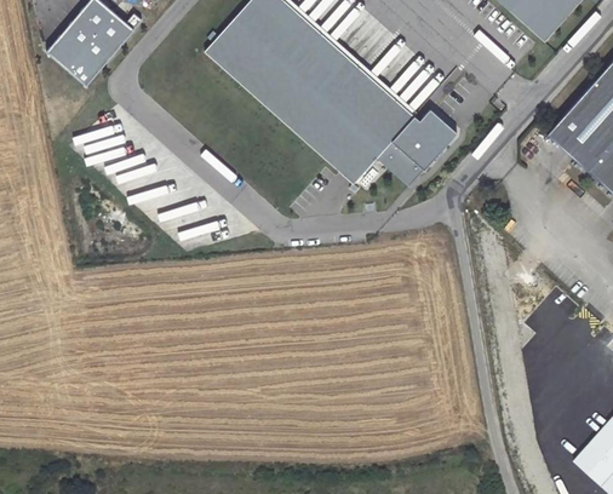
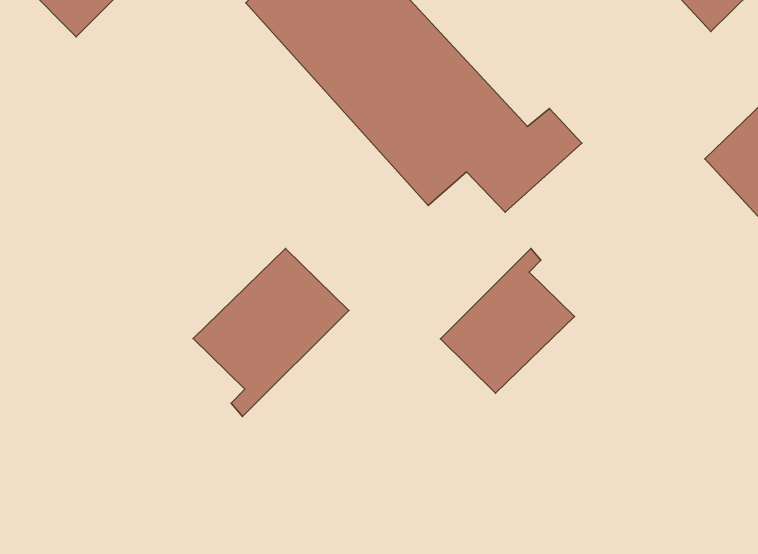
building: none -> [440,248,574,393]
building: none -> [193,248,349,417]

